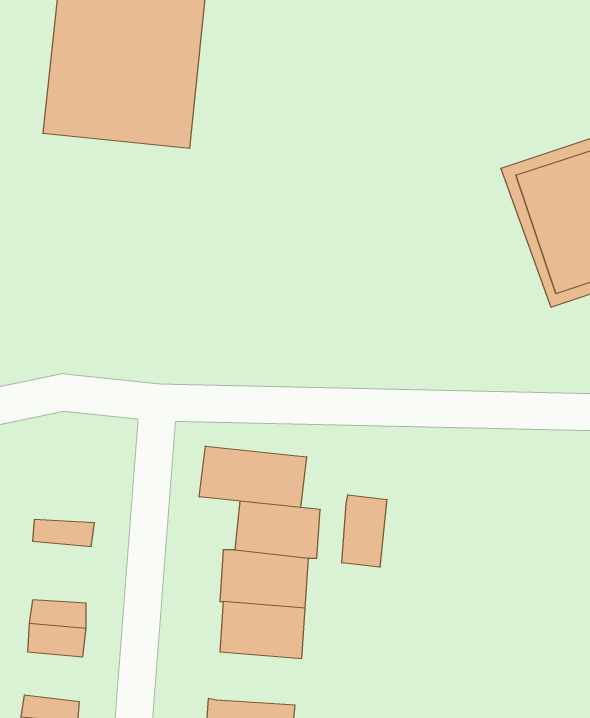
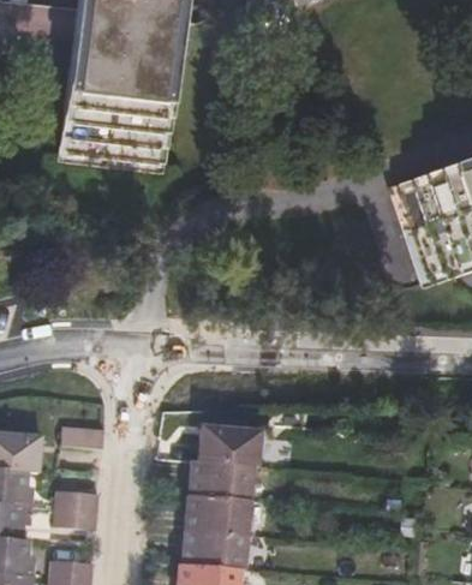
building: [199,446,307,507] -> none
building: [342,495,387,567] -> none
building: none -> [189,530,250,568]

